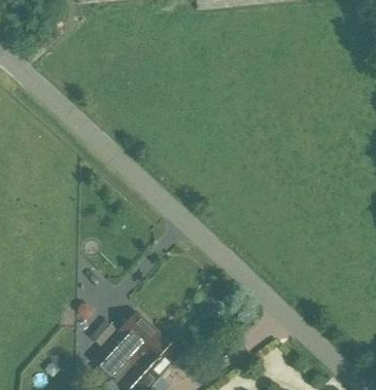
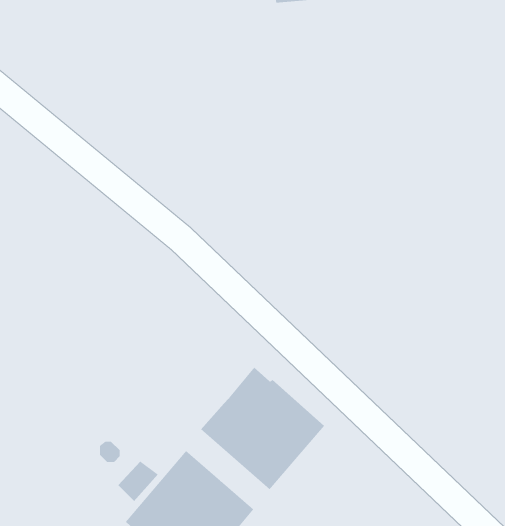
building: none -> [200,367,325,490]

